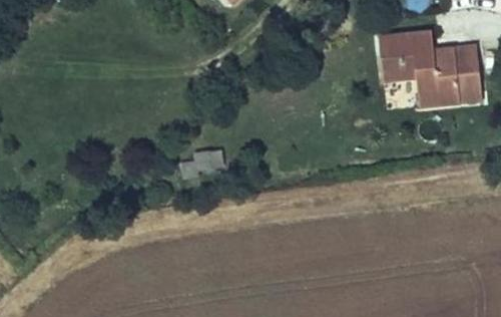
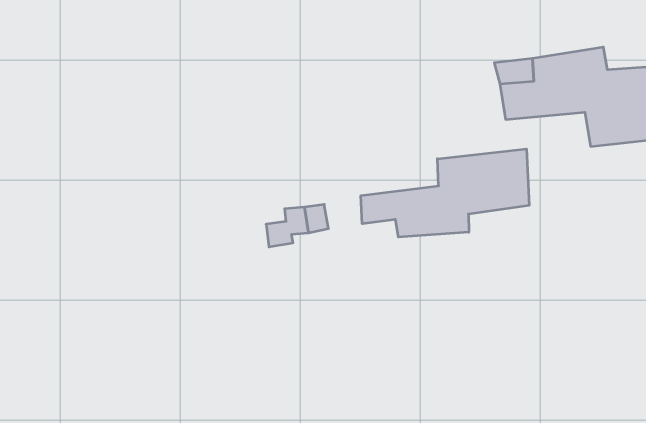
building: none -> [361,149,529,237]

